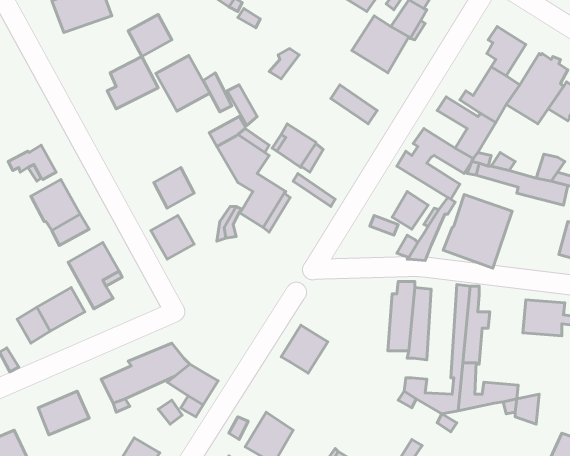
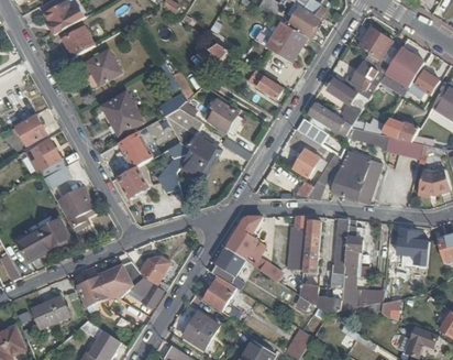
building: [128,14,172,56] -> [63,26,95,57]
building: [156,56,210,111] -> [102,94,142,134]
building: none -> [225,215,283,279]
building: none -> [140,254,170,283]
building: none -> [207,273,236,307]

